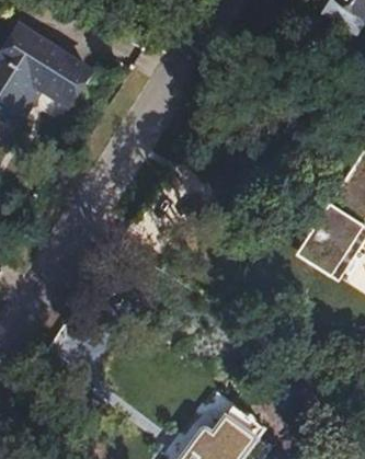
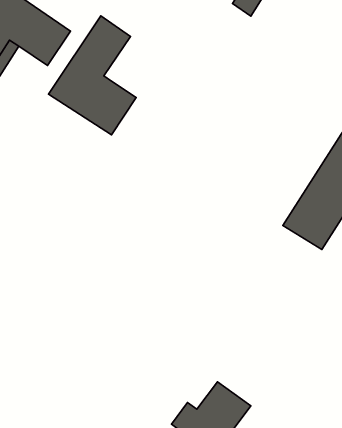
building: none -> [49,16,136,135]

